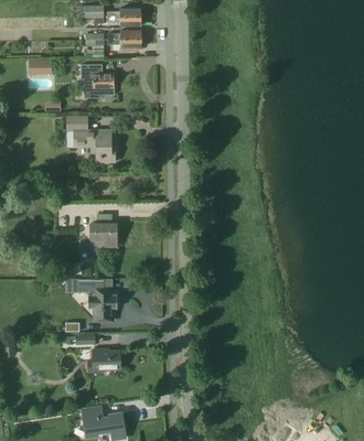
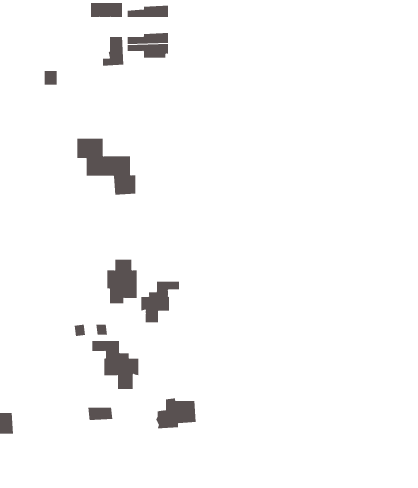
building: [81,64,115,96] -> none
building: none -> [141,281,180,323]
building: [86,348,119,374] -> [156,398,196,429]

